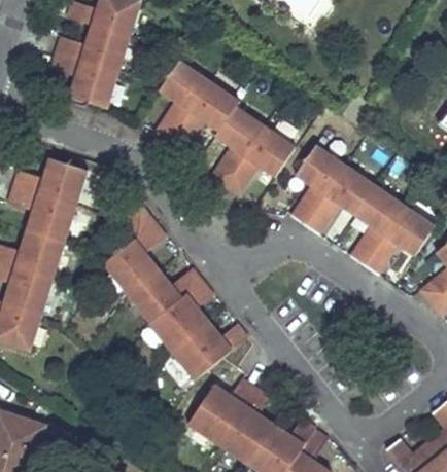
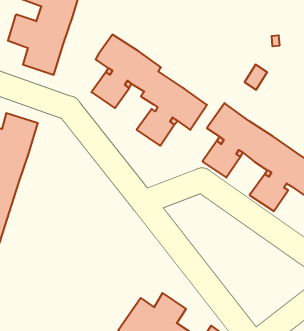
building: [102,203,247,379] -> none

